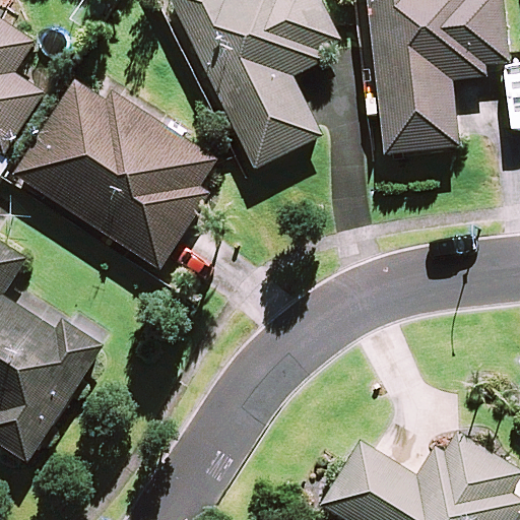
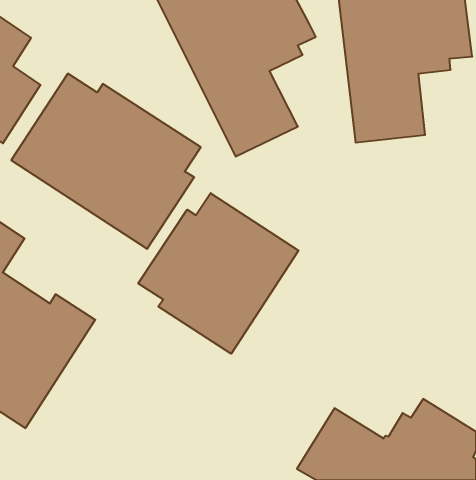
building: none -> [138,193,298,354]

